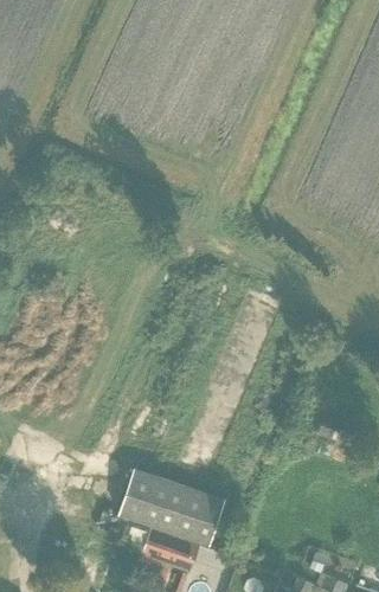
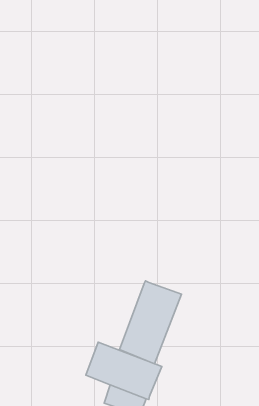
building: none -> [119,281,181,364]

